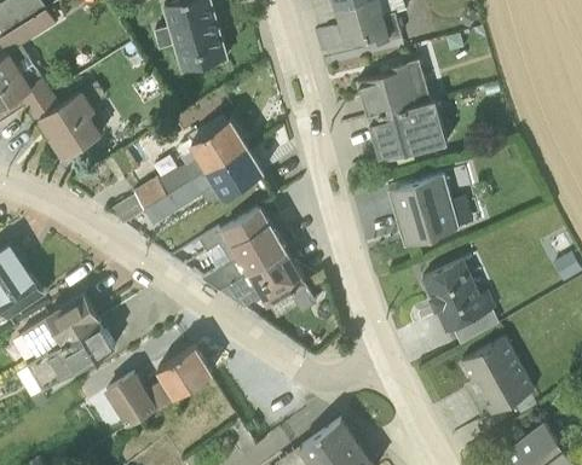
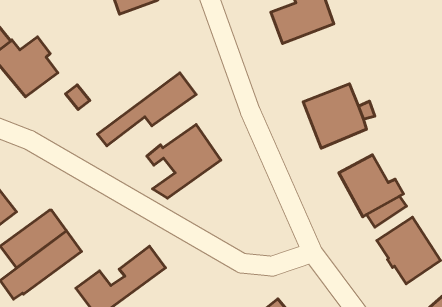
building: [368,103,446,163] -> none
building: [109,121,246,225] -> none
building: [220,252,304,308] -> none

